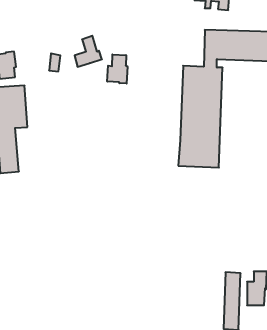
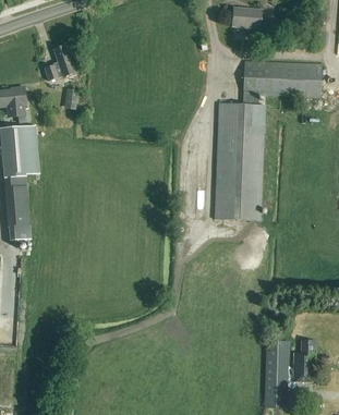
building: [75,36,102,67] -> [45,44,76,80]
building: [107,54,127,84] -> none

